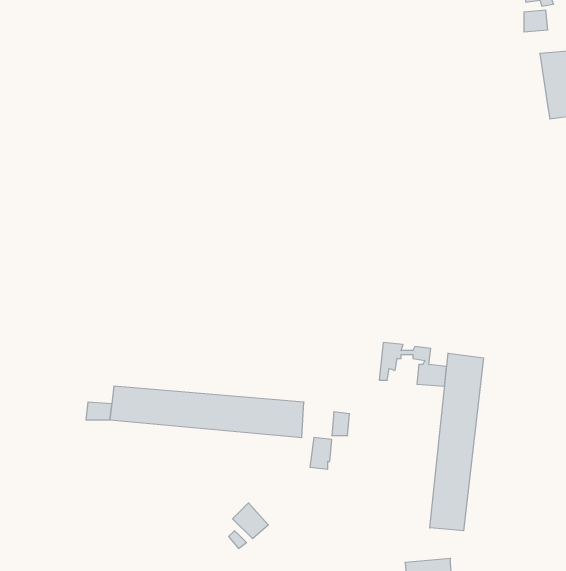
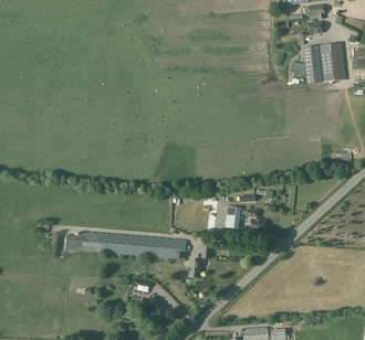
building: none -> [303,44,323,83]
building: [430,353,483,531] -> none

